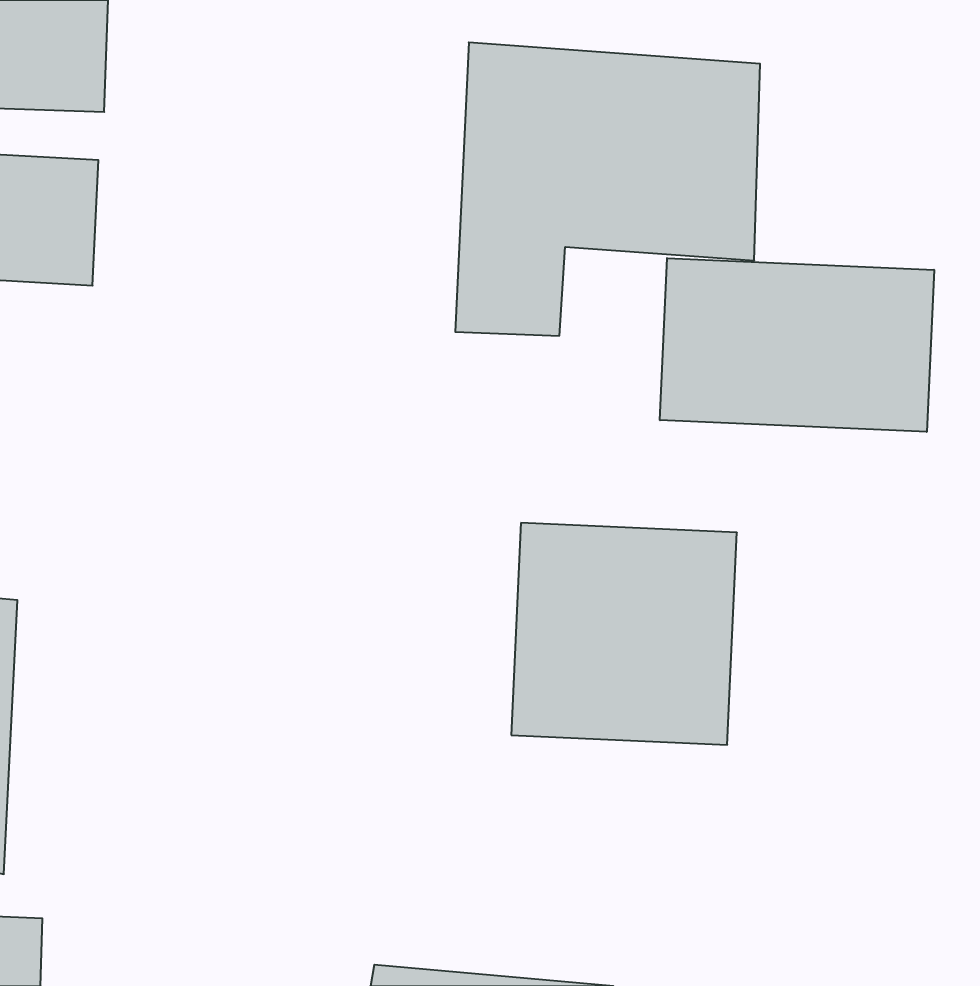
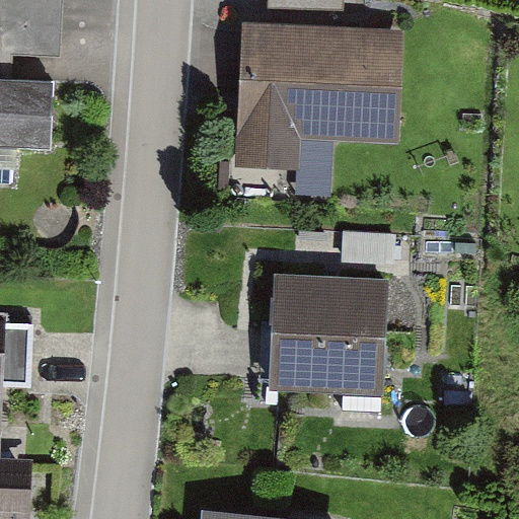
building: [660,258,934,432] -> none

